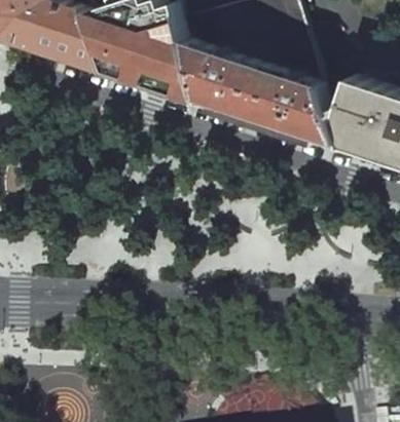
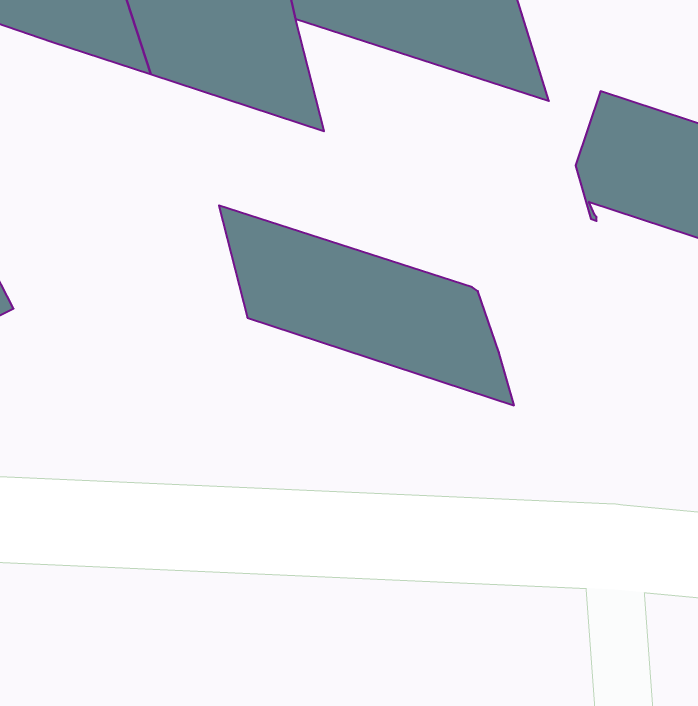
building: [177,41,336,149] -> [219,205,514,405]

